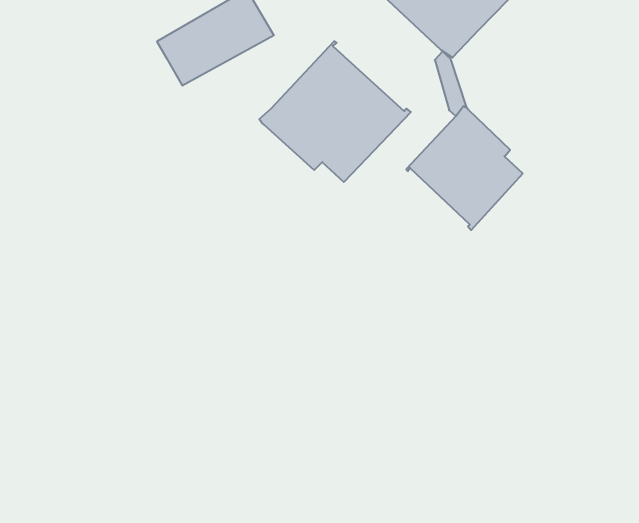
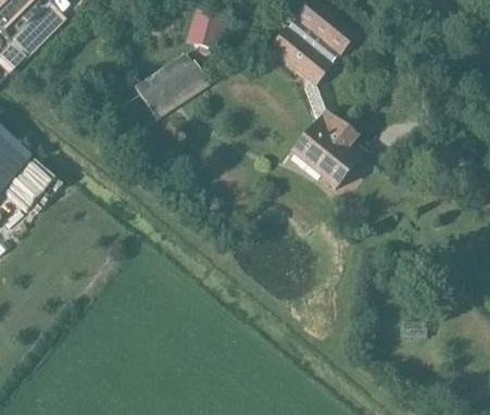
building: [259,41,411,182] -> none

